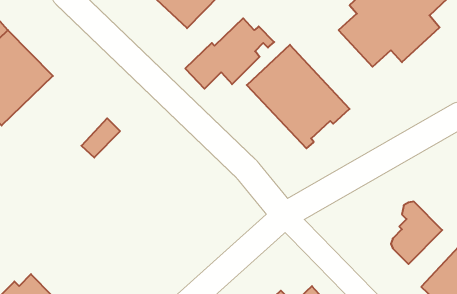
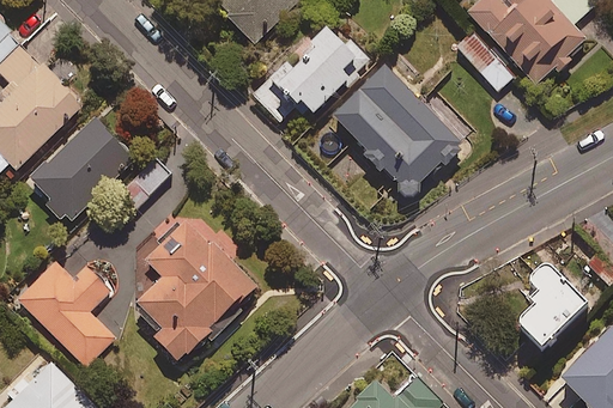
building: none -> [31,117,133,220]
building: none -> [136,213,256,363]
building: none -> [17,261,114,365]

